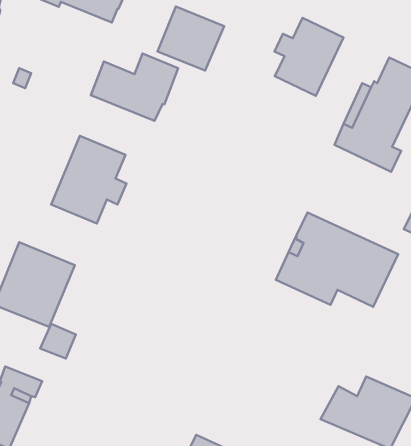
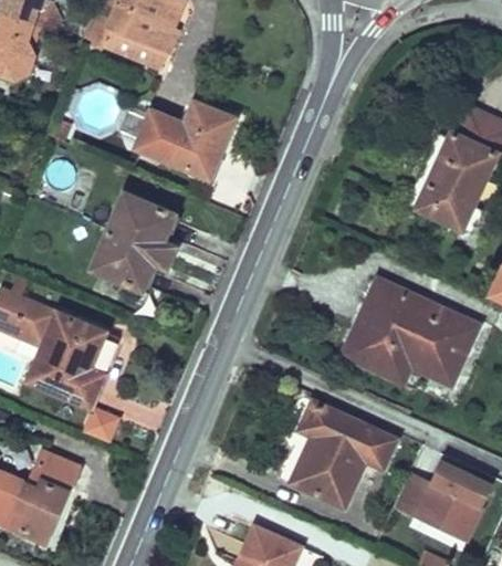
building: [158,6,224,71] -> none
building: [274,18,343,96] -> none
building: none -> [291,401,396,507]

